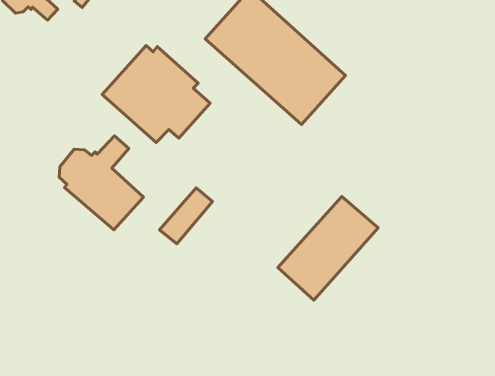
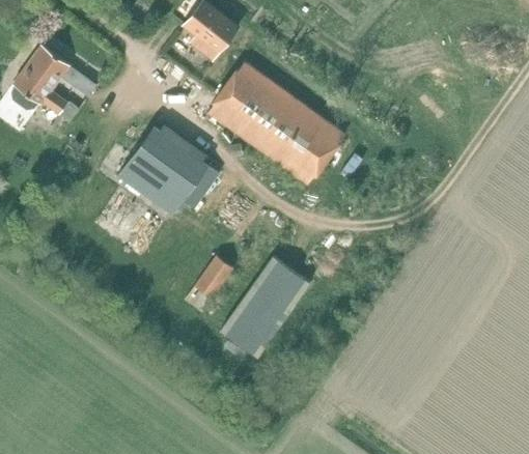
building: [59,136,143,230] -> none
building: [278,196,378,300] -> [221,256,311,357]

